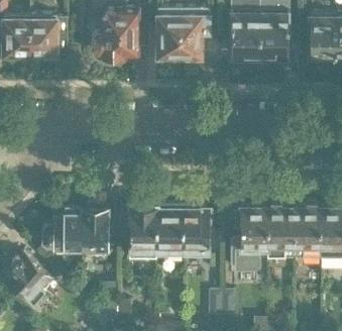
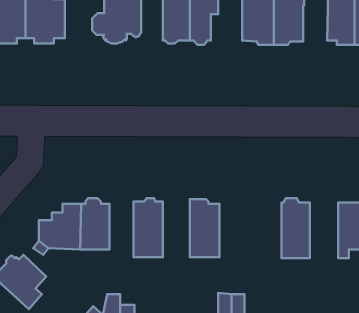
building: [294,203,320,258] -> none
building: [157,204,183,257] -> none
building: [230,206,267,270] -> none

